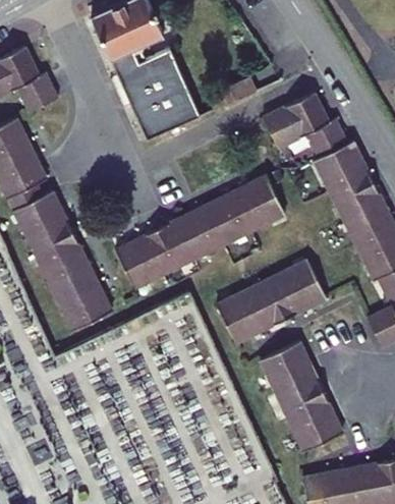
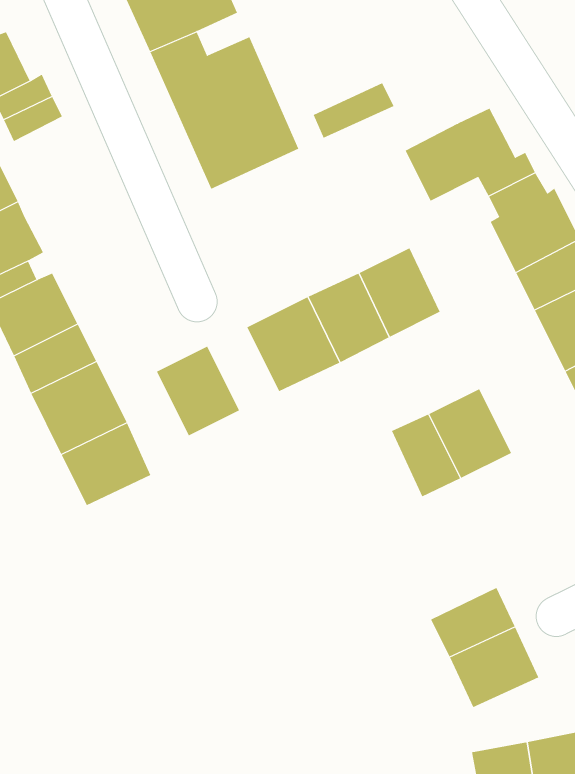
building: [145,223,187,273] -> none
building: [216,285,273,343] -> none
building: [260,341,318,398] -> none

